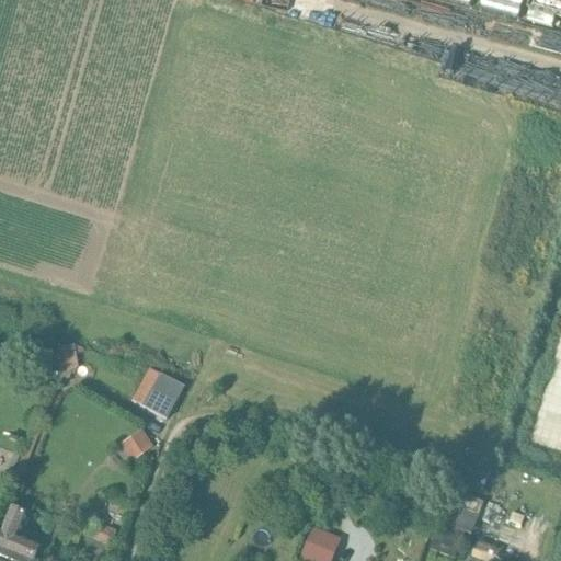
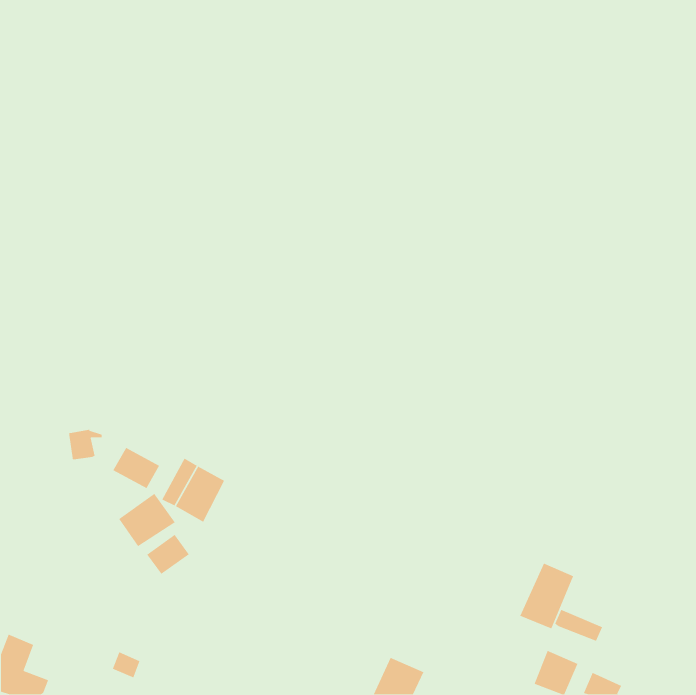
building: none -> [112,447,160,489]
building: none -> [118,493,176,547]
building: none -> [519,563,574,630]

